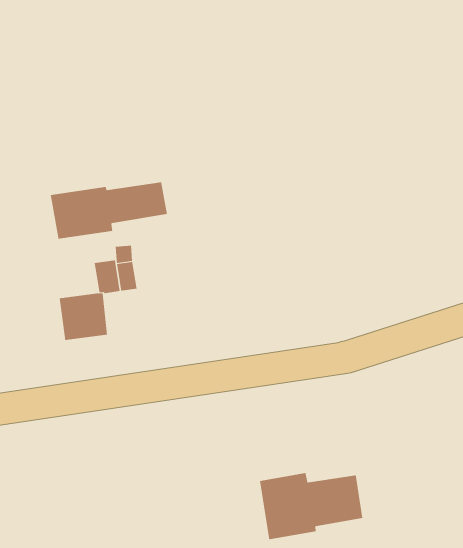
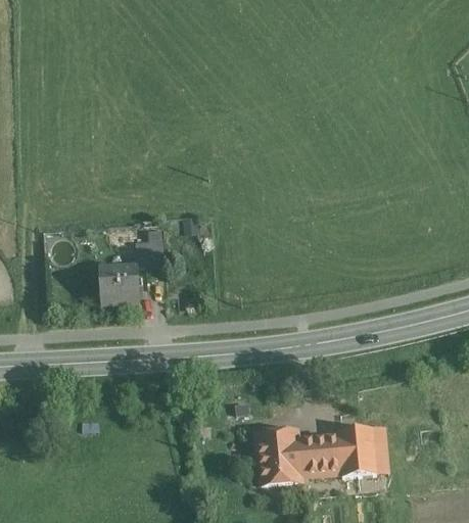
building: [50,181,168,240] -> none
building: none -> [338,426,376,474]

